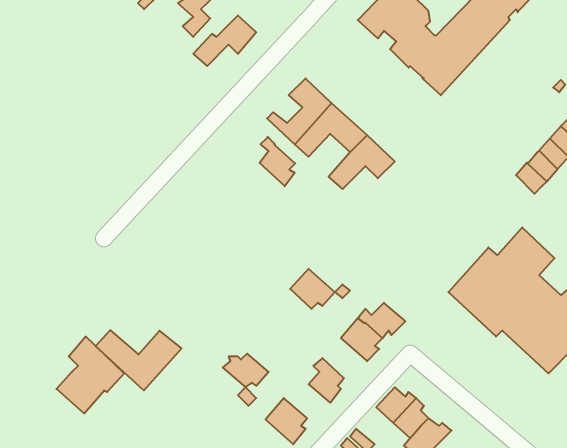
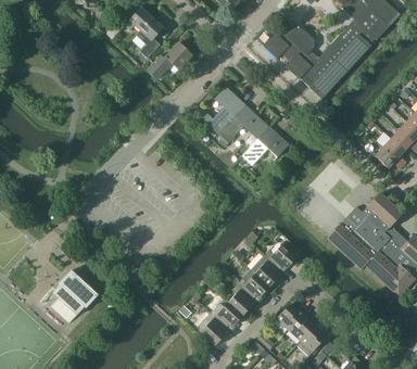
building: [260,137,295,186] -> none
building: [290,269,335,309] -> [238,270,269,298]
building: [96,330,181,390] -> none
building: [223,354,269,387] -> [211,303,243,327]

